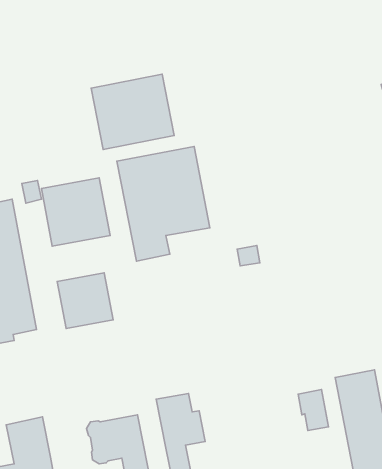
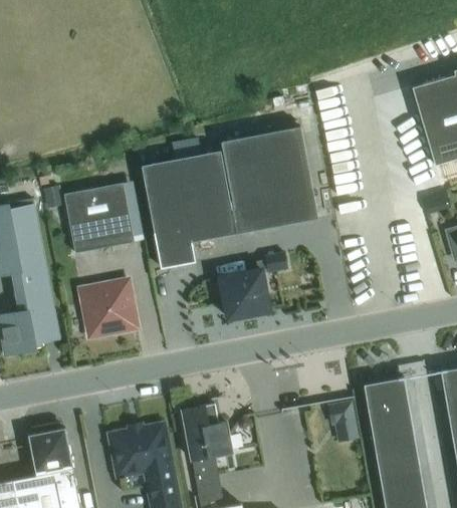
building: [91,74,174,149] -> none
building: none -> [222,125,319,234]
building: none -> [220,269,269,319]

